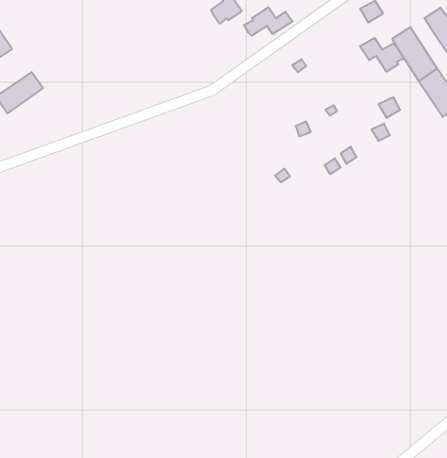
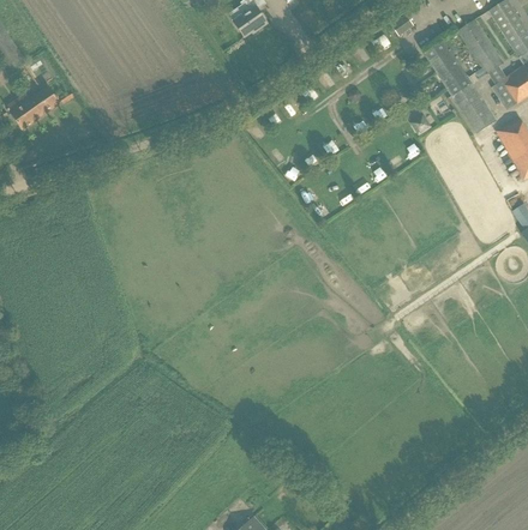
building: [244,7,293,36] -> none
building: [360,38,404,72] -> none

